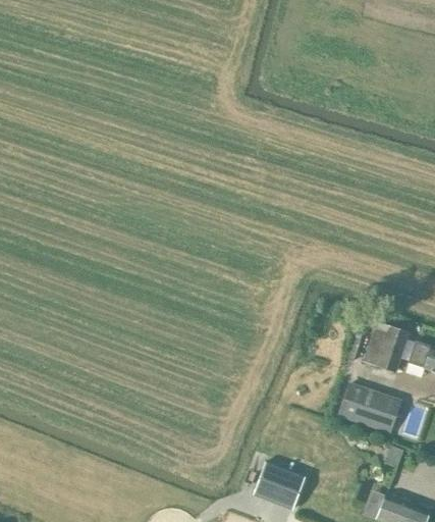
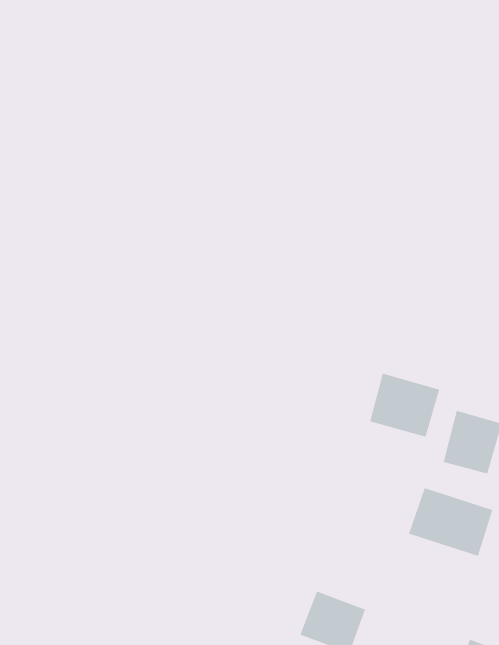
building: none -> [369,373,440,438]

